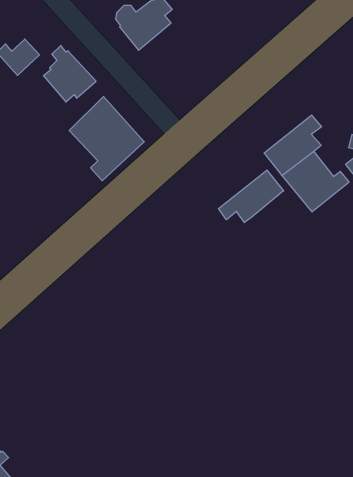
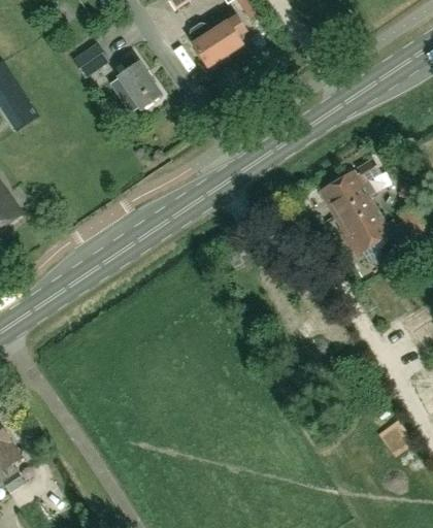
building: [69,97,144,181] -> none
building: [219,170,284,223] -> none

